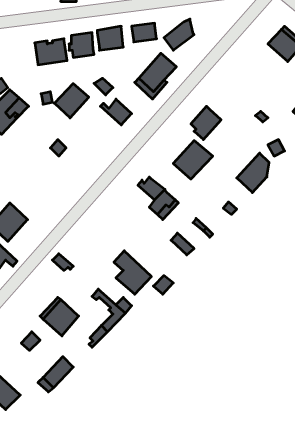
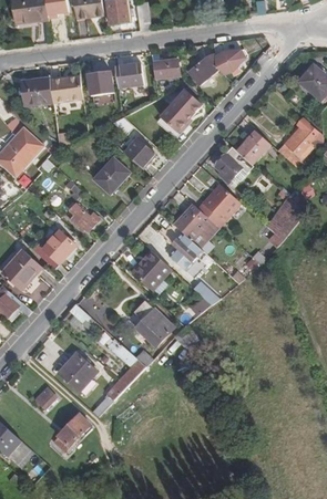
building: none -> [213,41,243,75]
building: none -> [21,77,52,105]
building: none -> [289,117,317,157]
building: [54,84,89,118] -> [92,158,129,195]
building: none -> [235,129,269,164]
building: none -> [68,204,98,232]
building: none -> [173,205,208,239]
building: none -> [25,223,75,269]
building: none -> [133,251,171,290]

